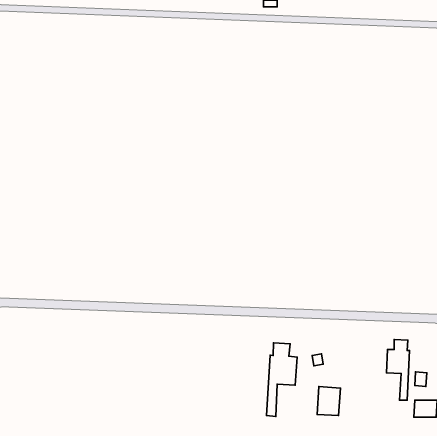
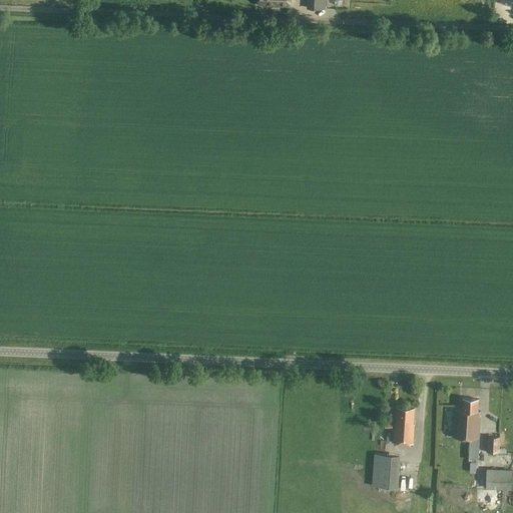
building: [266,343,297,417] -> none
building: none -> [393,409,414,445]

